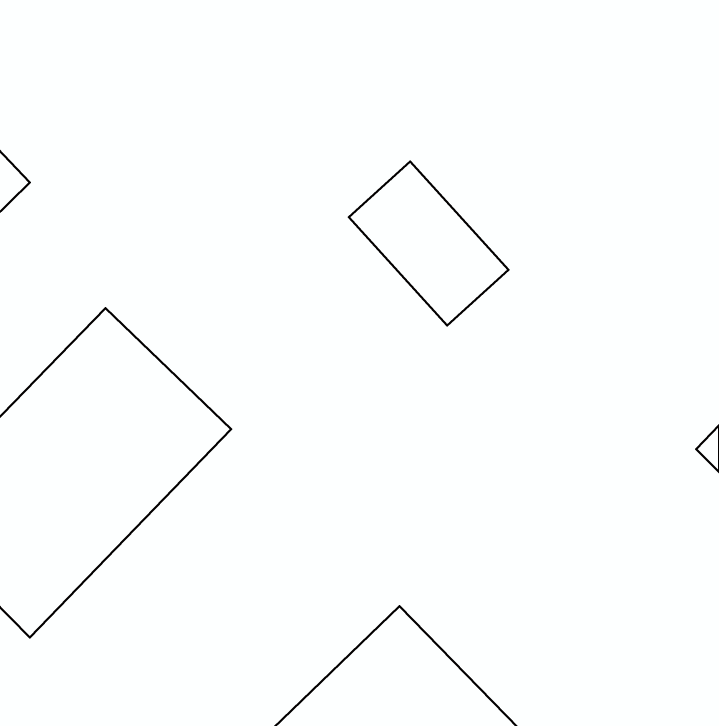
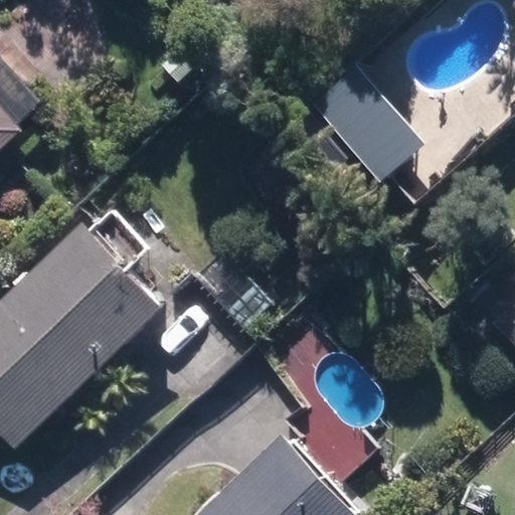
building: [349,162,509,326] -> [314,69,426,185]

